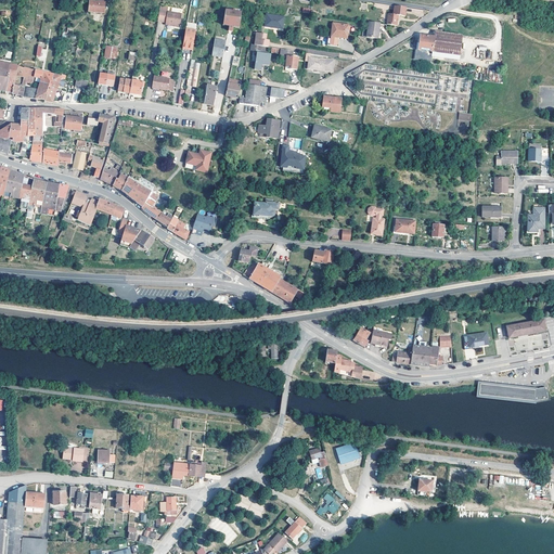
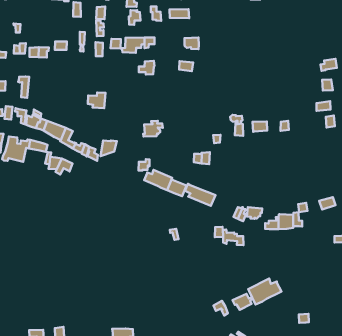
building: [281,144,306,172] -> none
building: none -> [184,184,216,206]
building: none -> [248,278,281,305]

